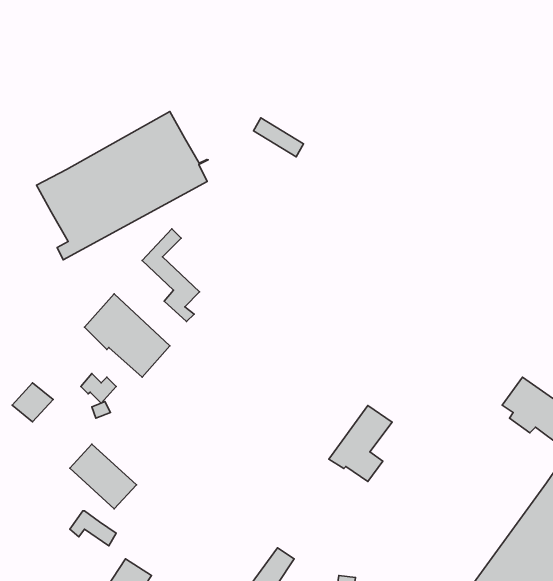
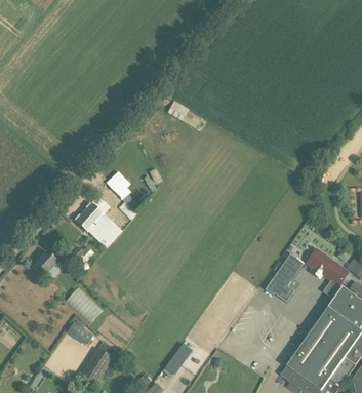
building: [37,111,208,260] -> none
building: [329,405,392,481] -> [265,258,299,300]

